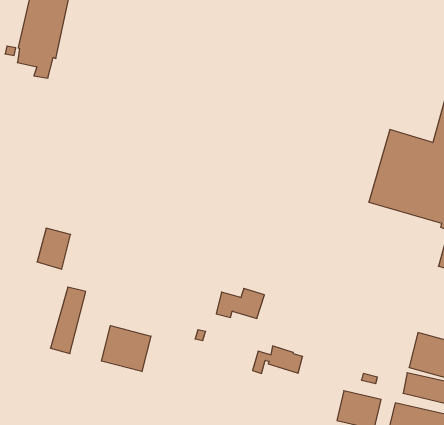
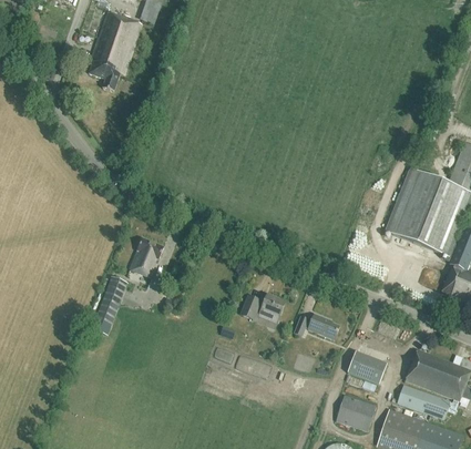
building: [37,228,71,269] -> [130,239,162,277]
building: [101,326,151,372] -> none
building: none -> [347,350,387,384]
building: [253,346,303,373] -> [293,314,338,340]

